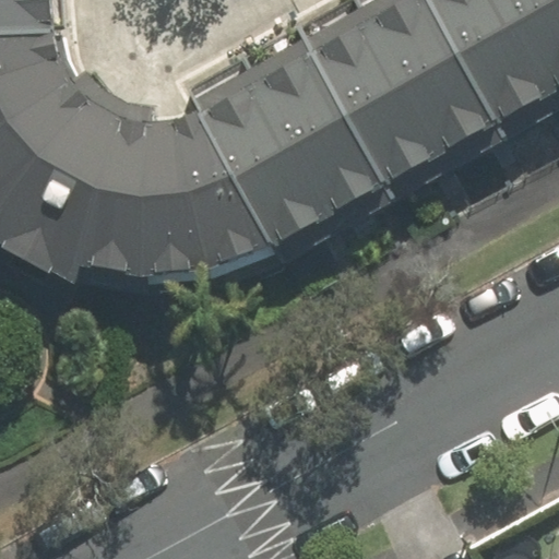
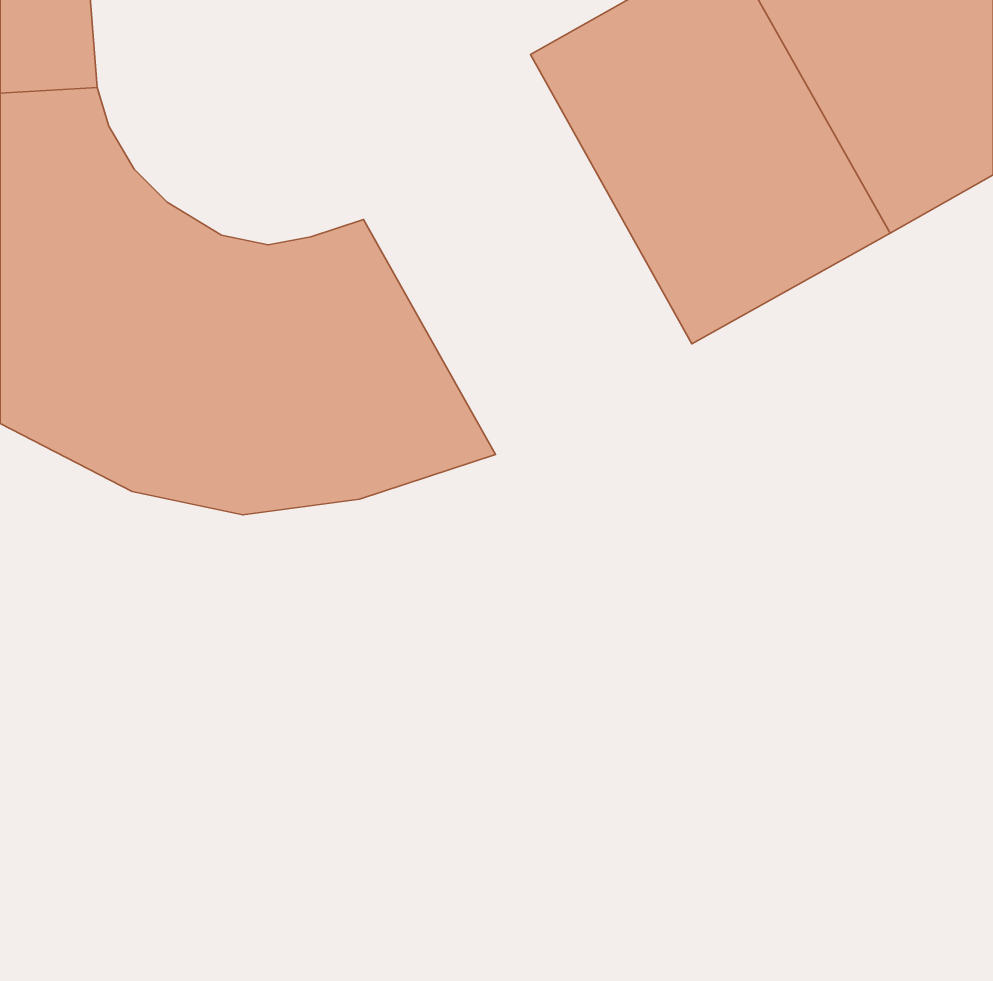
building: [187,31,389,255] -> none

